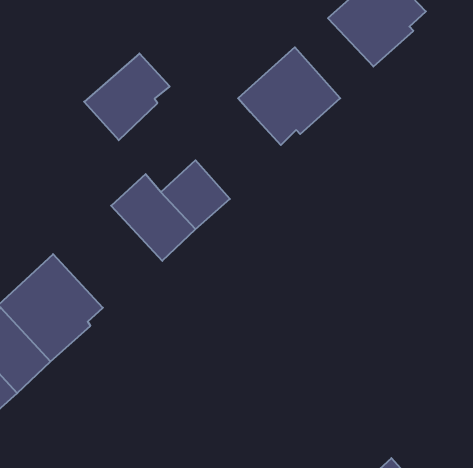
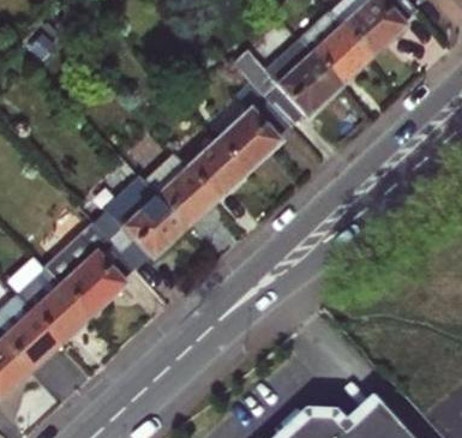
building: none -> [301,19,370,89]
building: [84,53,170,140] -> [215,101,289,176]
building: none -> [91,180,186,271]

